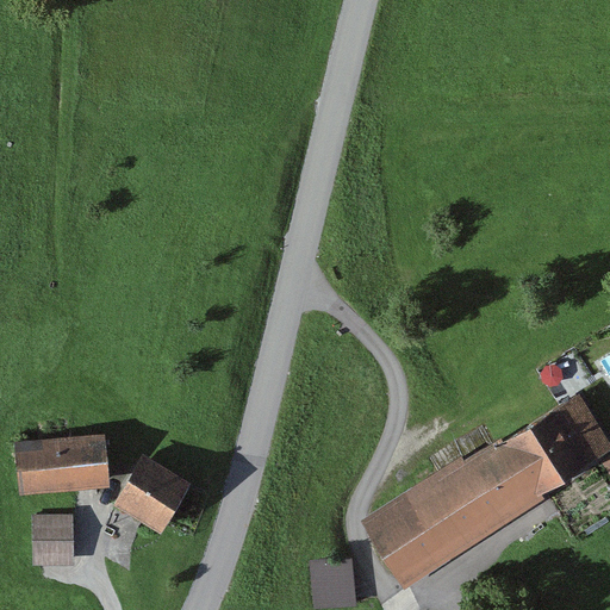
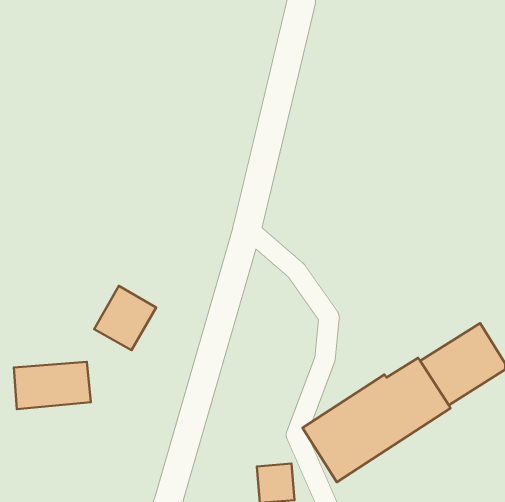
building: [114,454,189,531] -> [94,286,156,350]
building: [33,519,73,566] -> none

